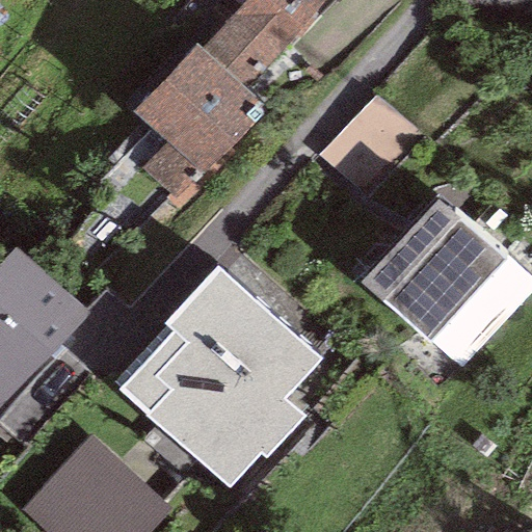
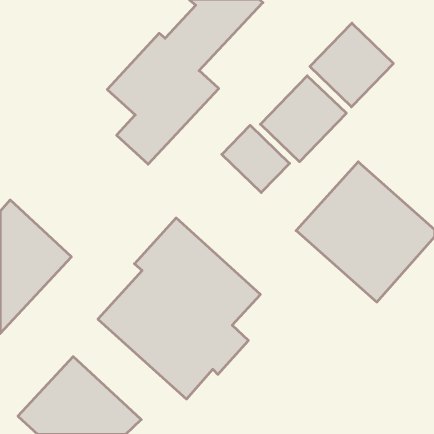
building: none -> [310,23,393,107]
building: none -> [222,125,290,193]

